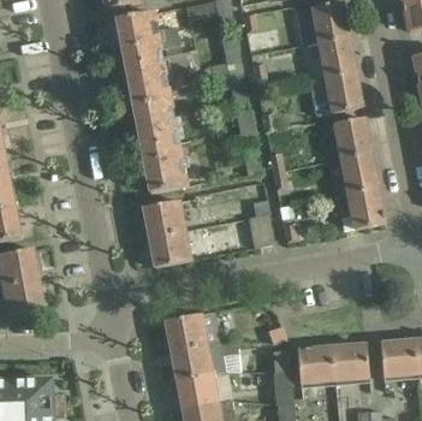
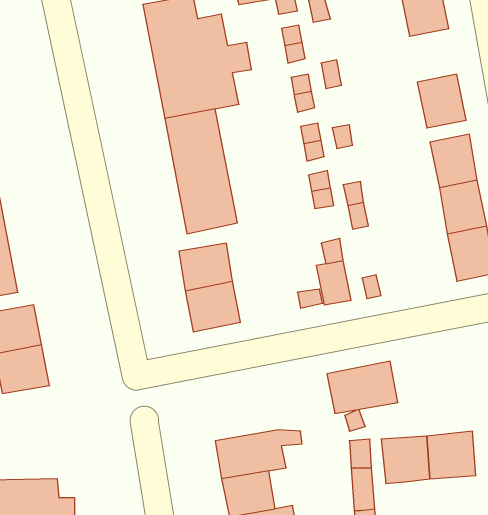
building: [319,36,355,77] -> none
building: [165,310,219,350] -> [327,361,398,413]

